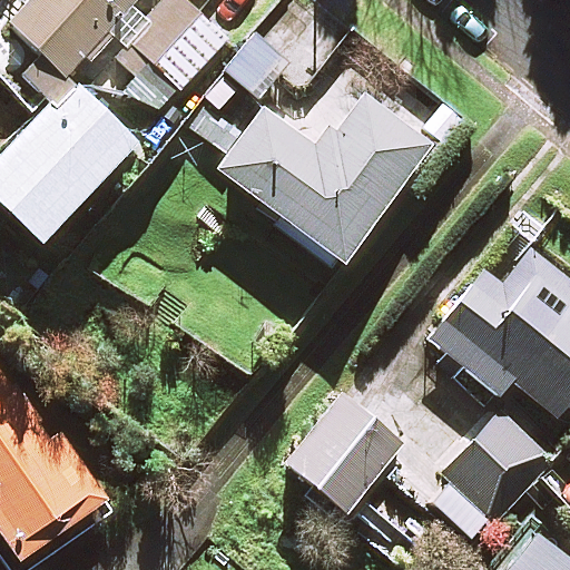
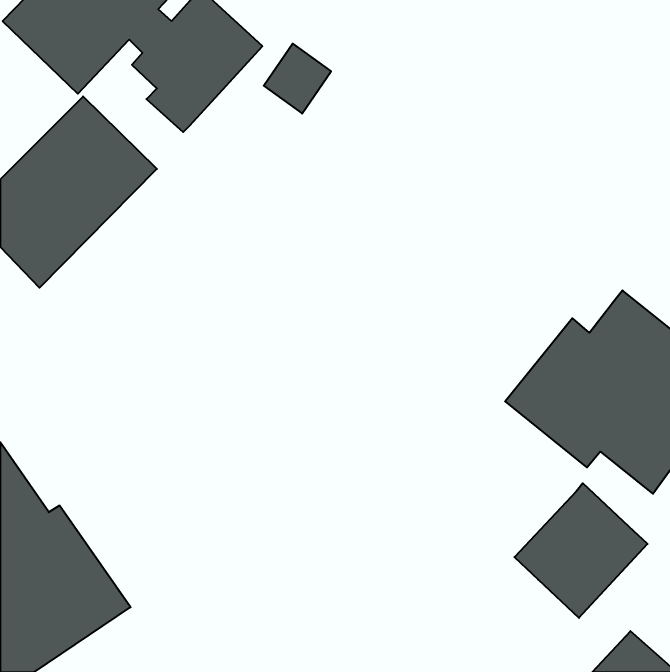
building: [187,94,430,263] -> none
building: [286,391,407,512] -> none

